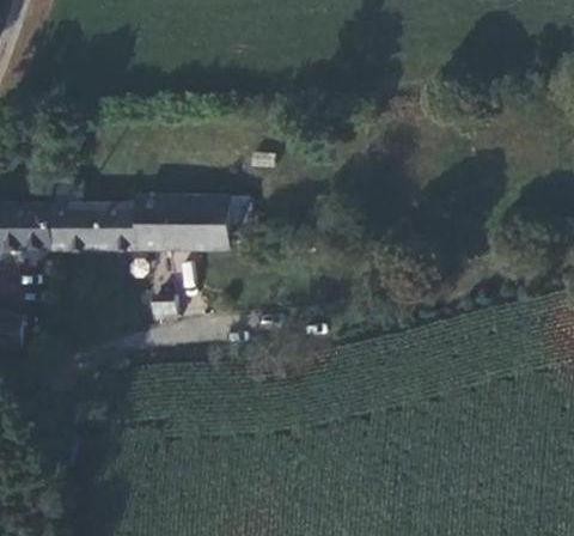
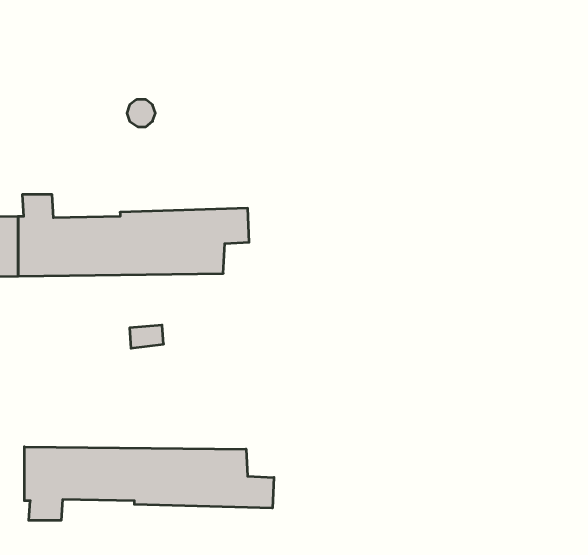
building: none -> [24,447,274,520]

